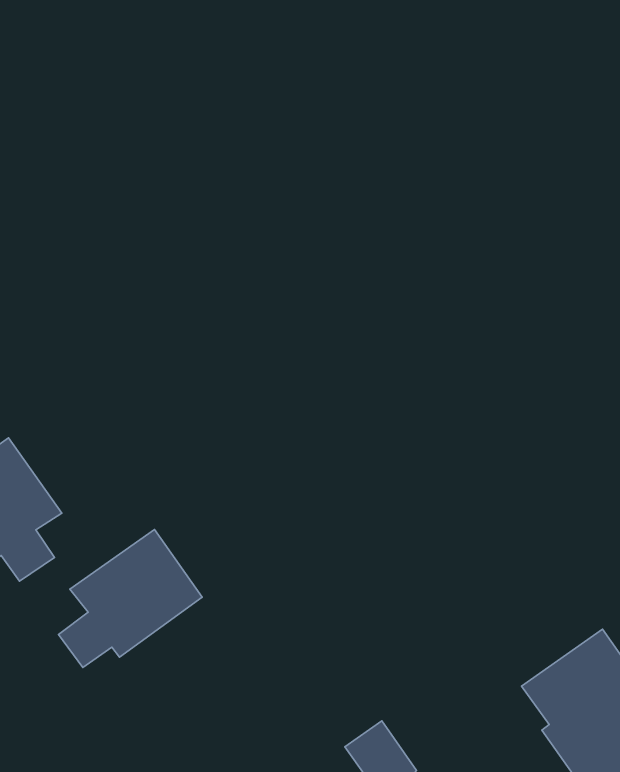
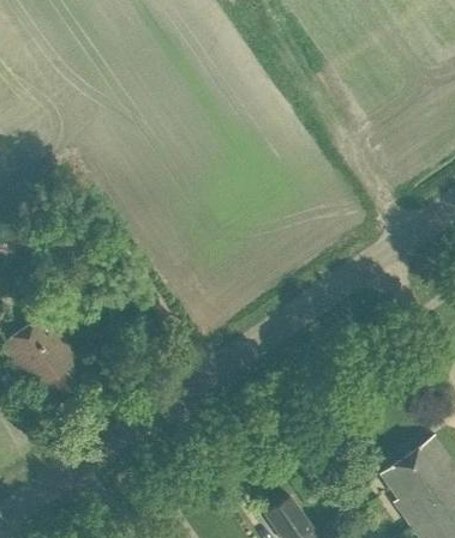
building: [59,529,202,667] -> none

